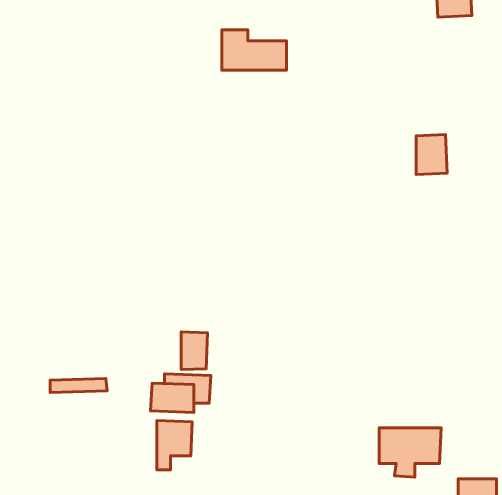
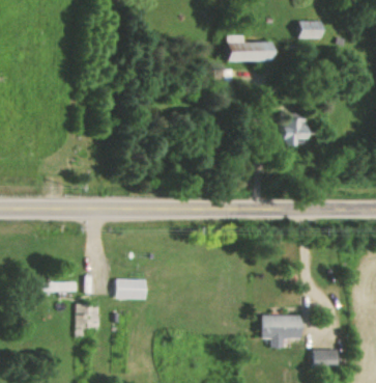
building: [222,30,287,70] -> [224,34,267,61]
building: [181,332,207,369] -> none
building: [157,420,192,470] -> [78,303,102,336]

